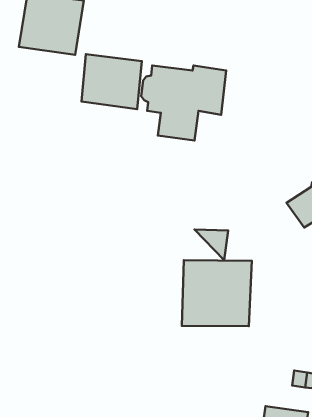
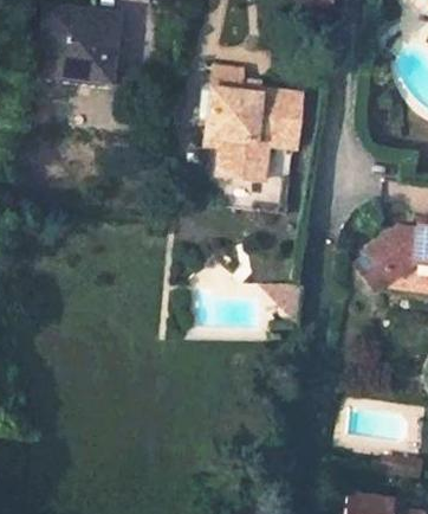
building: [81,54,142,109] -> none
building: [182,260,252,326] -> none

